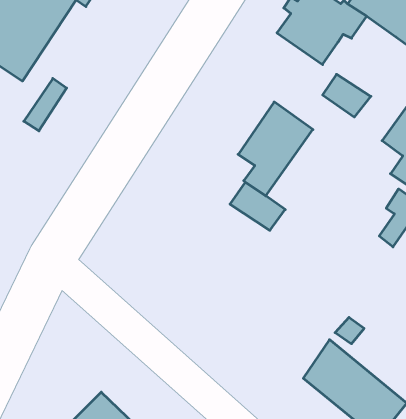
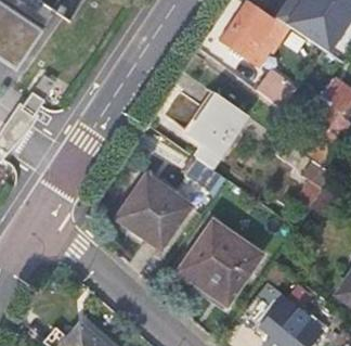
building: none -> [117,174,188,246]
building: none -> [179,219,260,300]

